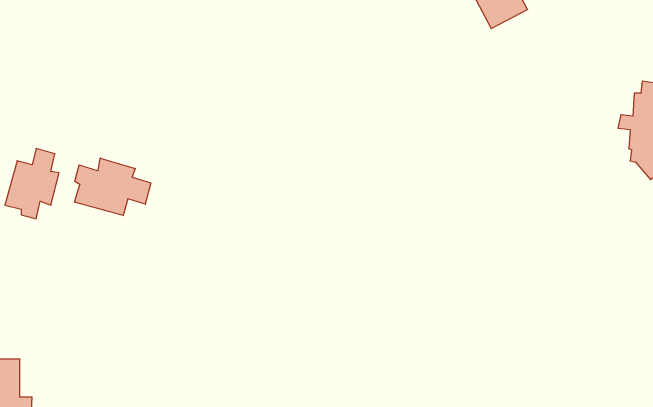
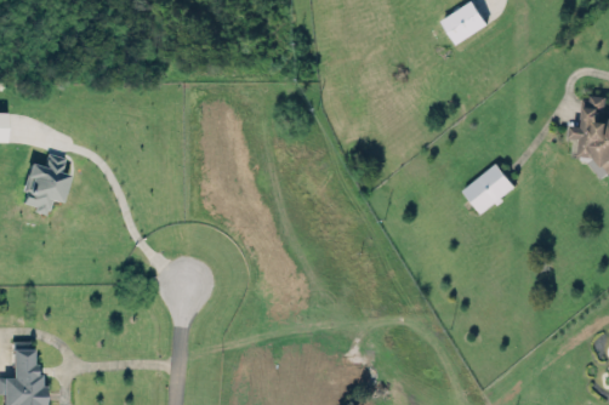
building: [75,158,151,216] -> none
building: none -> [463,164,517,215]

